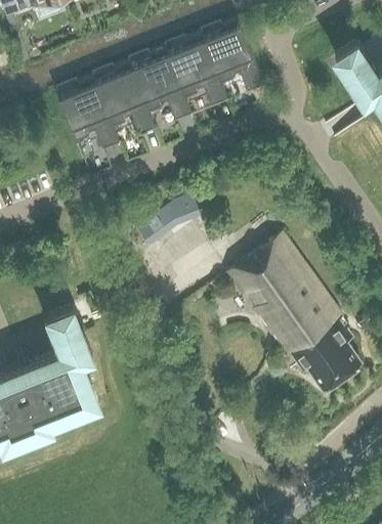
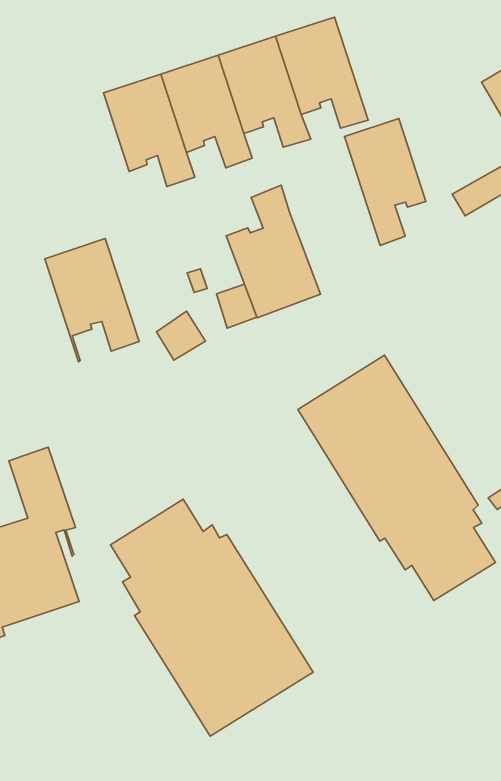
building: [55,80,119,160] -> [45,238,139,362]
building: none -> [345,119,426,246]
building: none -> [226,185,320,318]
building: none -> [111,499,313,736]

